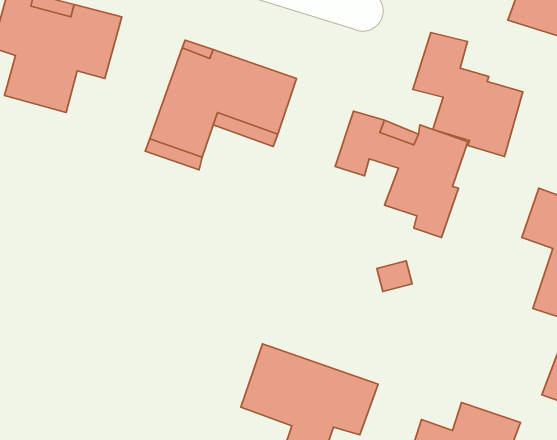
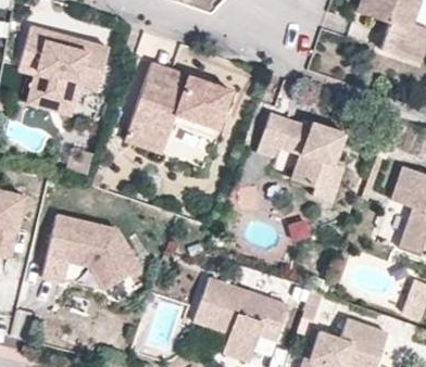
building: [413,33,523,157] -> none
building: none -> [42,214,140,289]

